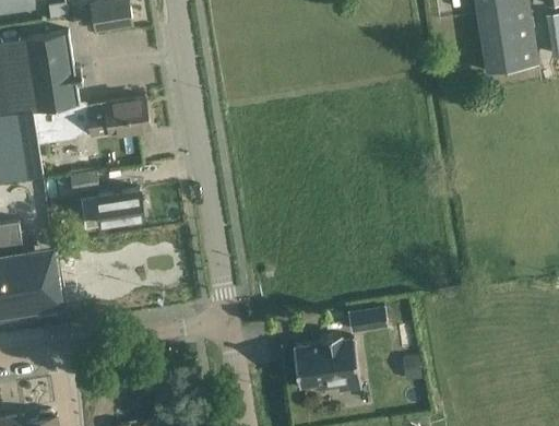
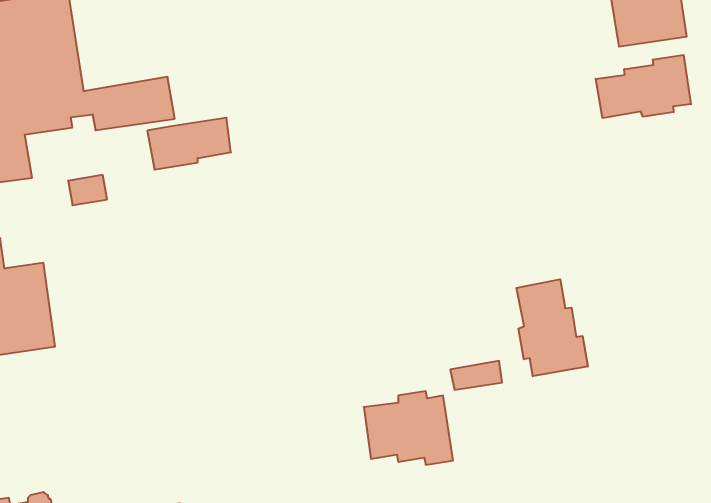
building: none -> [596,55,691,118]
building: [79,189,142,228] -> [147,118,231,170]
building: none -> [516,279,588,376]

